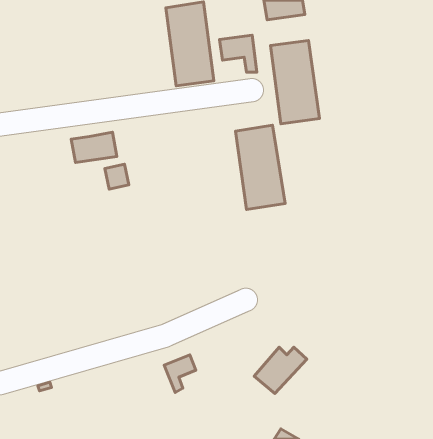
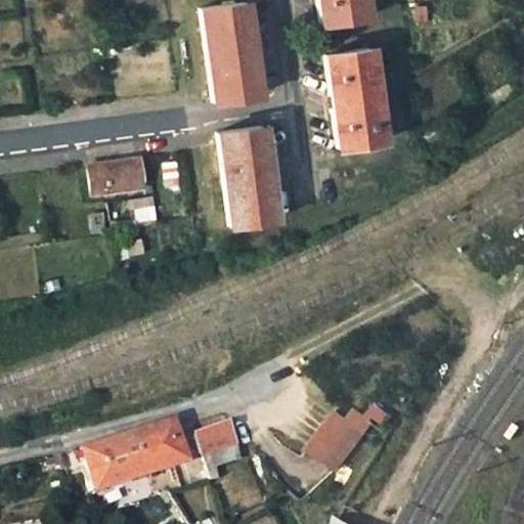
building: [220,35,257,72] -> none
building: [235,125,285,209] -> [221,126,280,226]
building: none -> [90,424,185,490]

